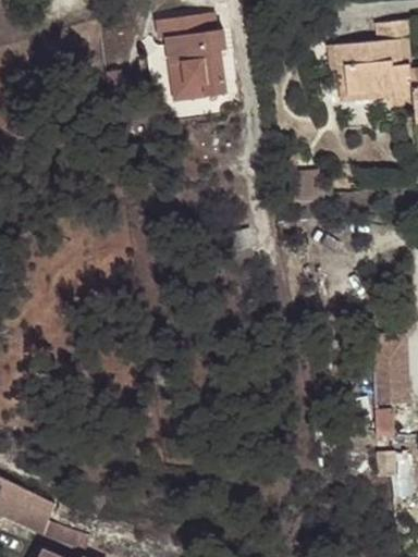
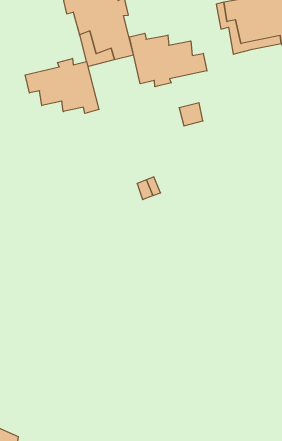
building: none -> [129,33,207,87]
building: none -> [25,58,99,113]

